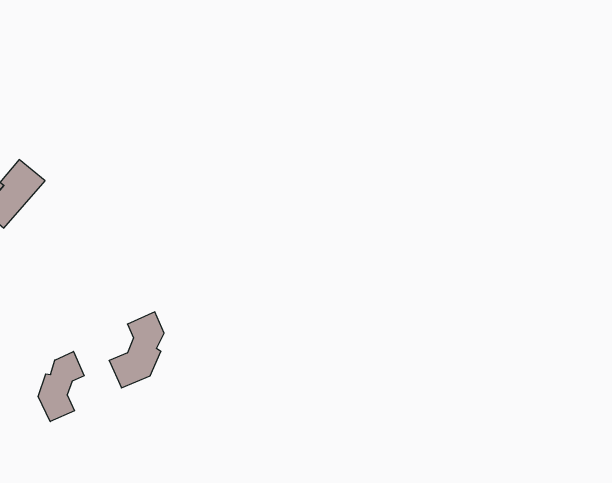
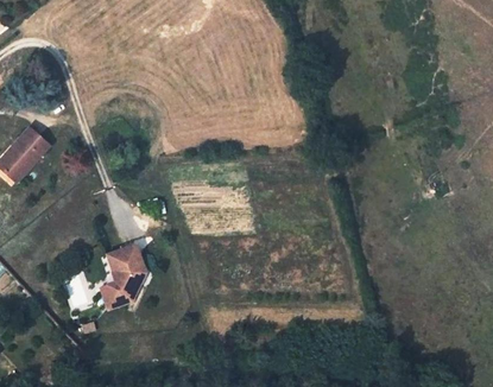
building: [38,351,84,422] -> none

